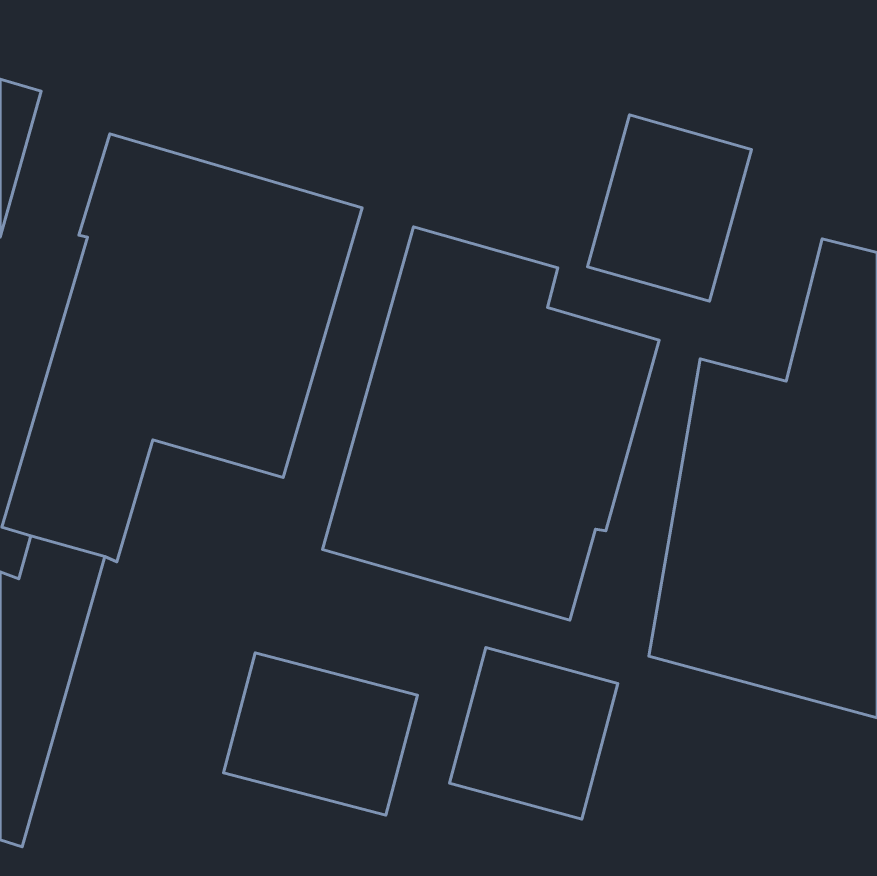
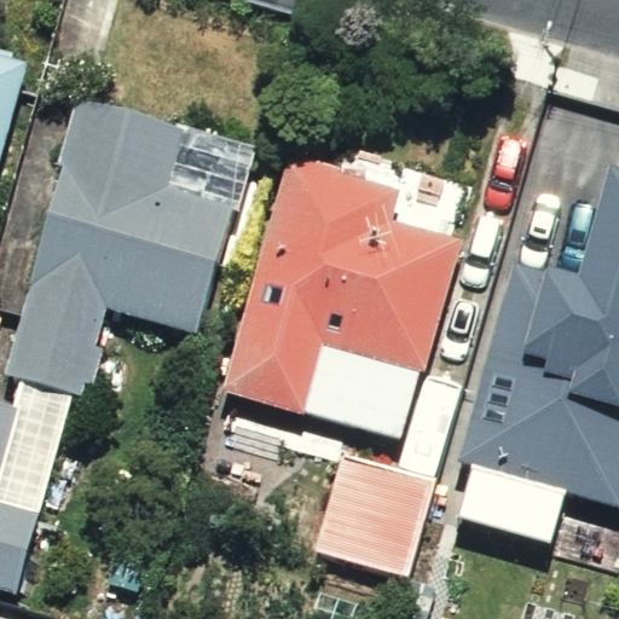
building: [587,115,751,301] -> none
building: [223,653,418,815] -> none

